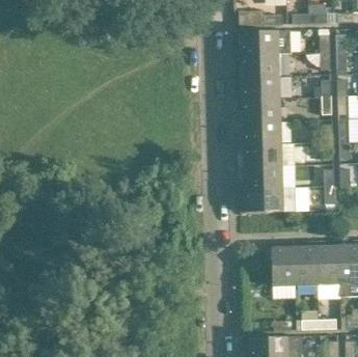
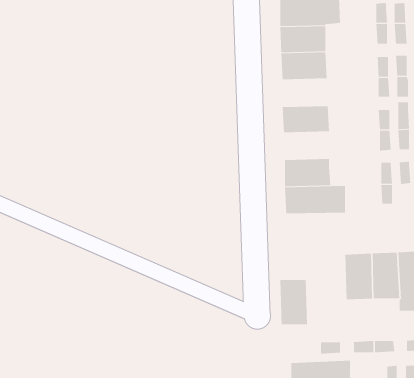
building: [243,99,282,122] -> none
building: [244,143,283,167] -> none
building: [273,247,297,285] -> [280,279,308,325]

